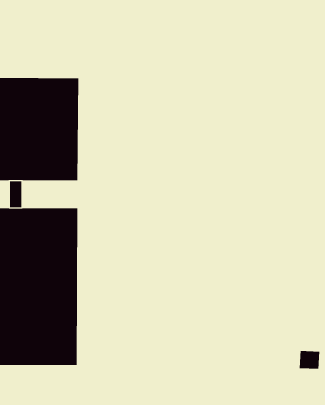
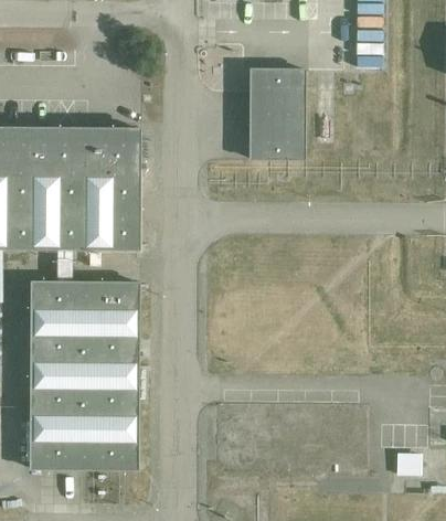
building: none -> [249,70,304,158]

